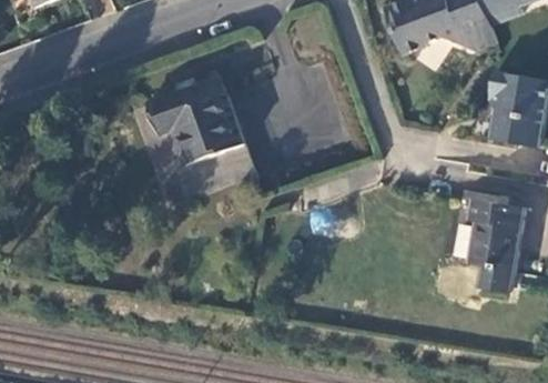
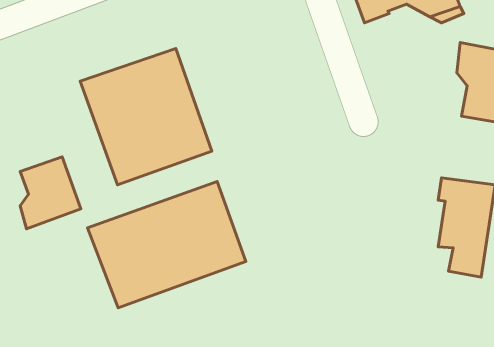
building: none -> [20,157,81,229]
building: none -> [88,182,246,308]

